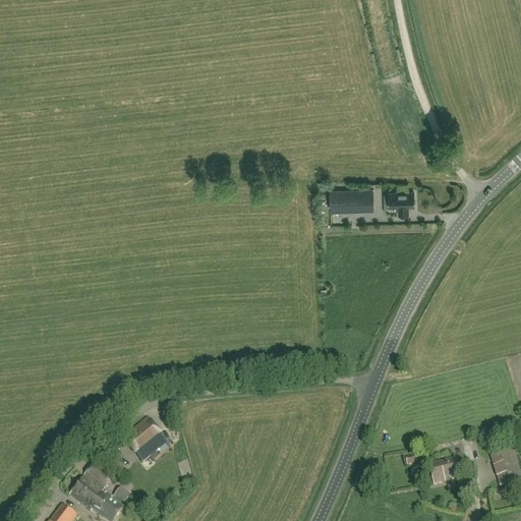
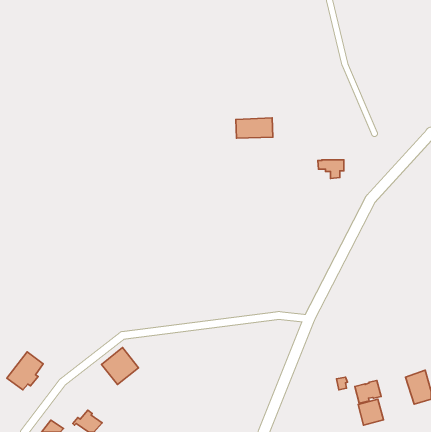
building: [329,188,373,213] -> [236,118,273,138]
building: [68,464,112,510] -> [7,352,43,390]
building: none -> [358,399,383,425]

